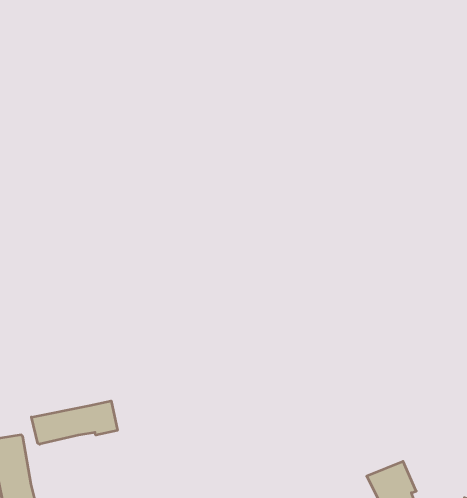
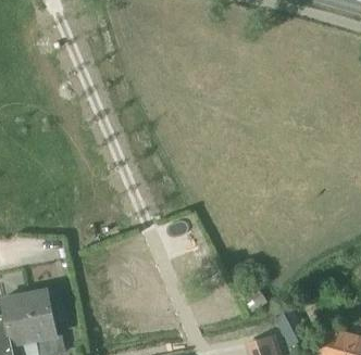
building: [31,401,117,444] -> none

